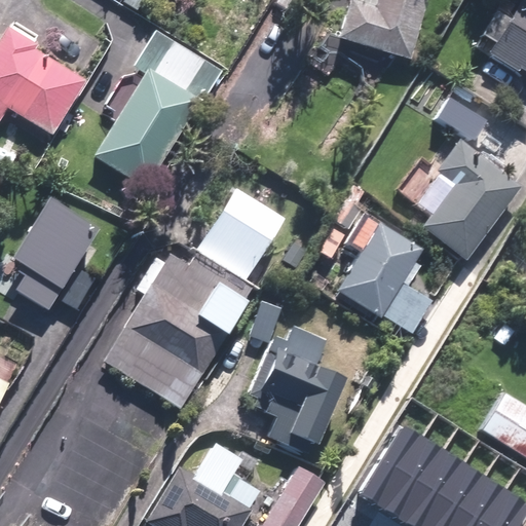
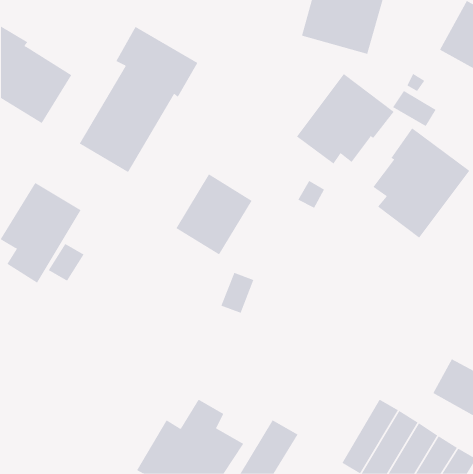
building: none -> [296,73,394,164]
building: [336,223,435,338] -> none
building: [105,253,255,408] -> none
building: [248,347,341,454] -> none
building: [354,421,422,506] -> none

